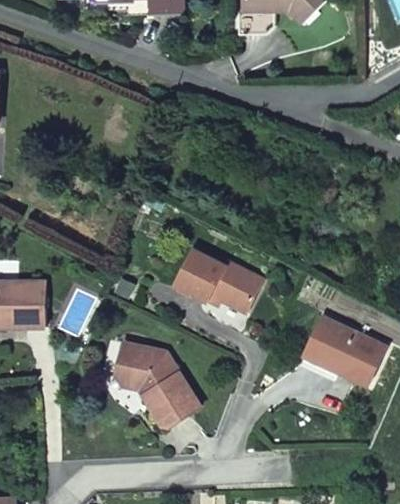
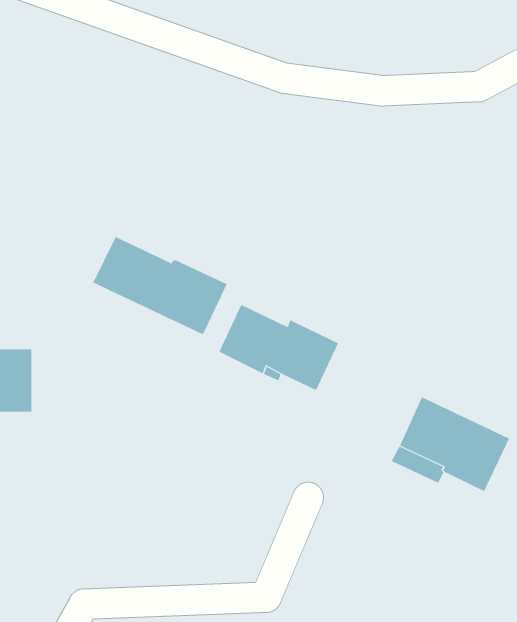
building: none -> [92,236,227,335]
building: [114,345,201,429] -> none

